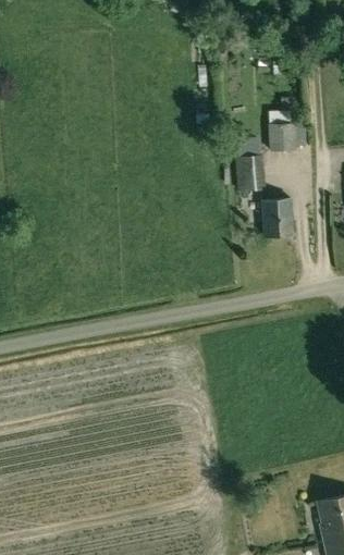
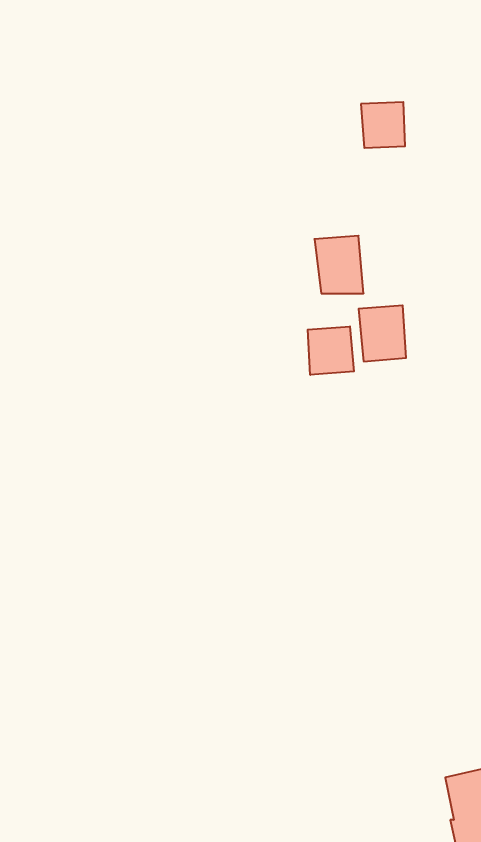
building: [268,122,296,151] -> [361,102,405,148]
building: none -> [308,326,354,375]

